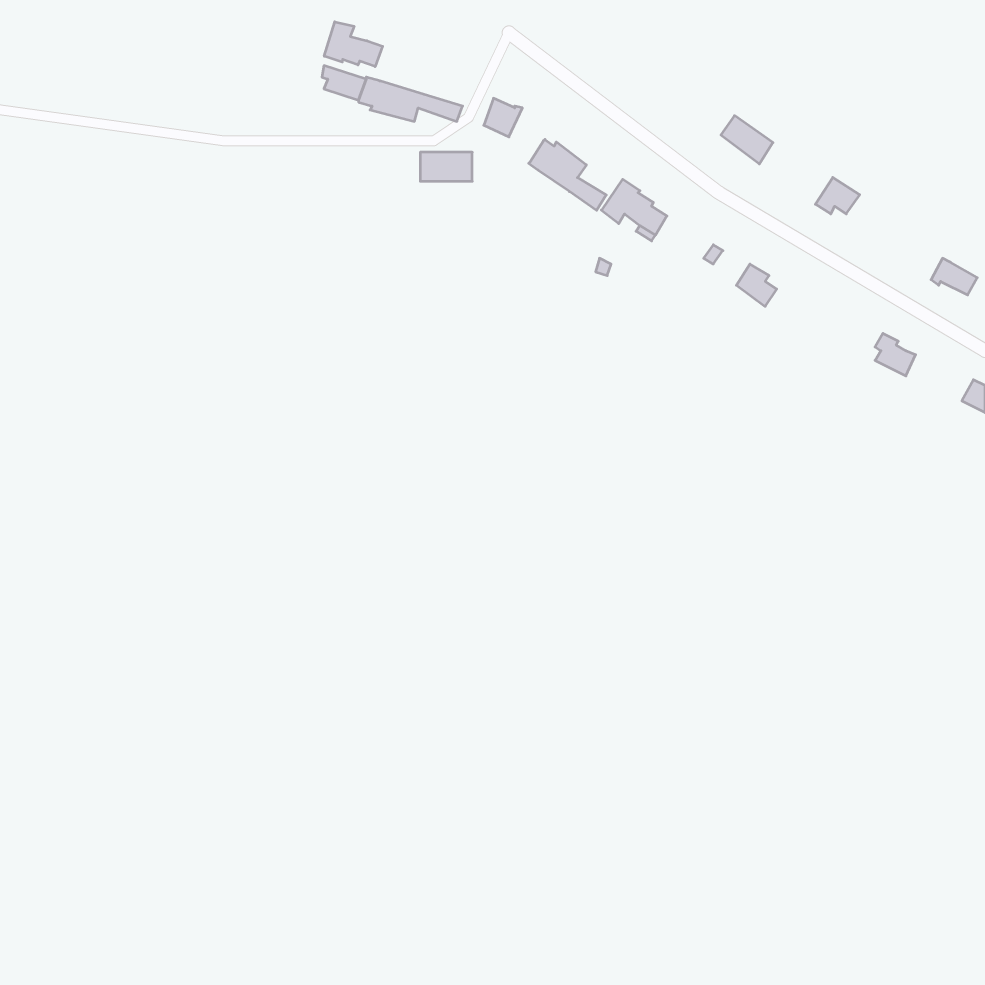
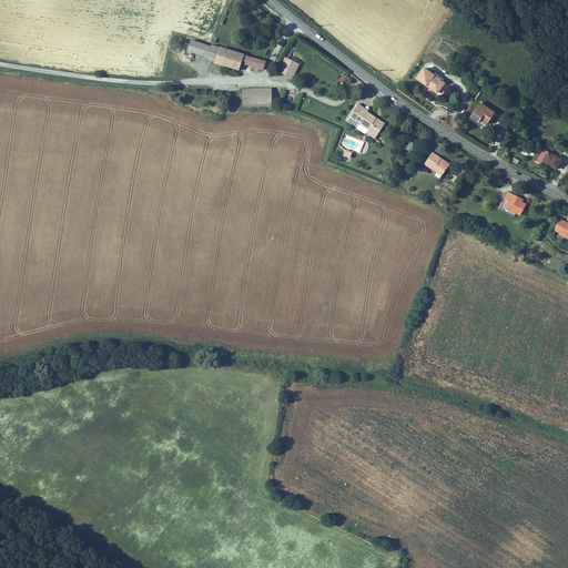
building: [324,22,383,67] -> none
building: [529,139,606,210] -> none

